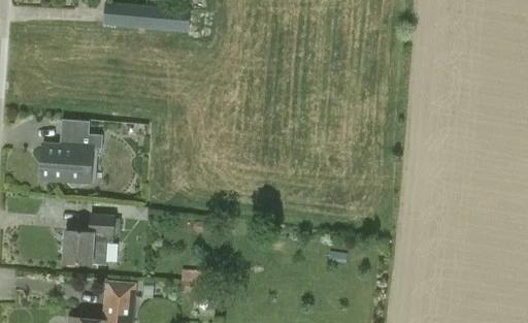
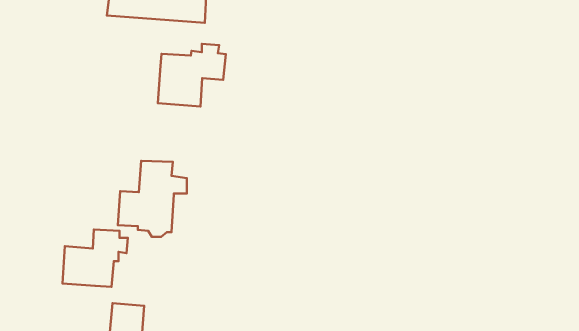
building: none -> [158,44,226,106]
building: [41,120,102,187] -> [118,161,187,237]

